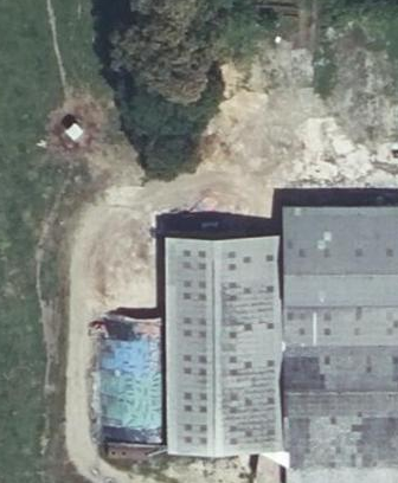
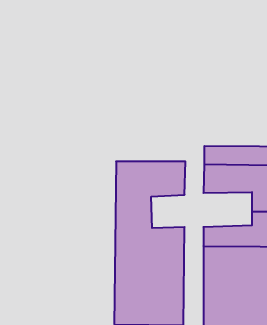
building: [285,278,349,324] -> none
building: [217,282,261,326] -> none

